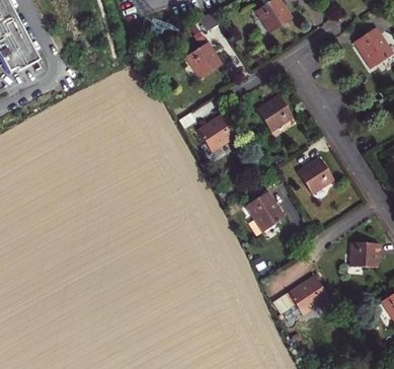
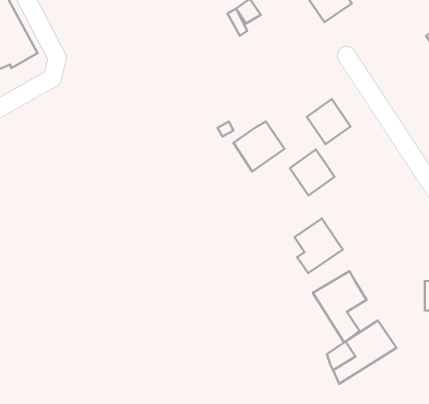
building: [184,40,222,77] -> none
building: [298,155,334,193] -> [290,149,335,195]
building: none -> [313,271,366,342]

